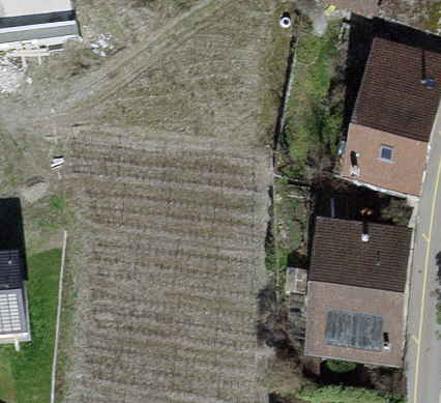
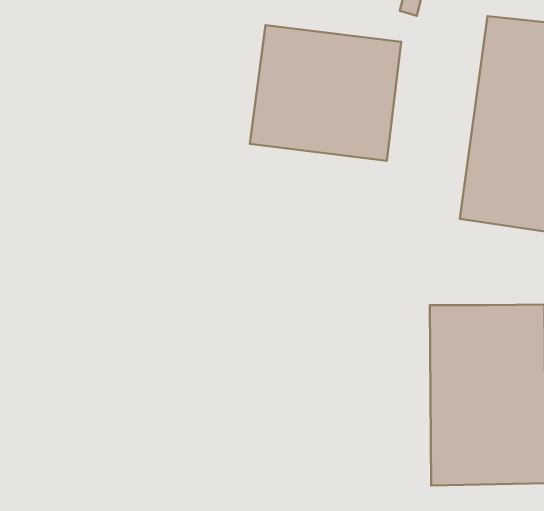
building: none -> [250,25,401,161]

